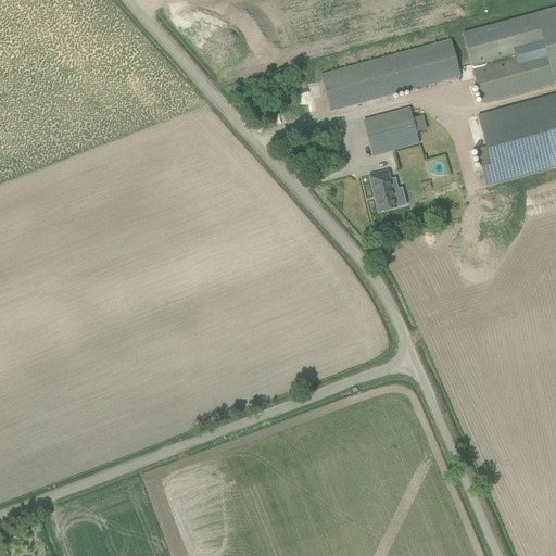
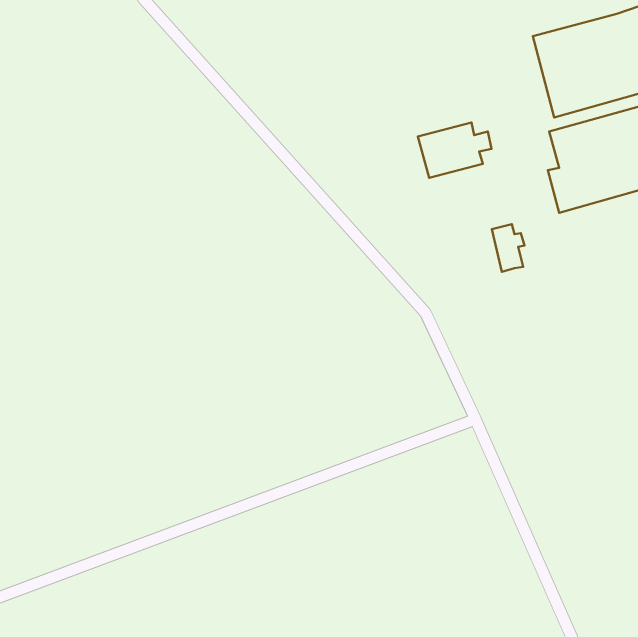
building: [321,38,462,110] -> none
building: [370,169,399,211] -> [492,224,525,272]

